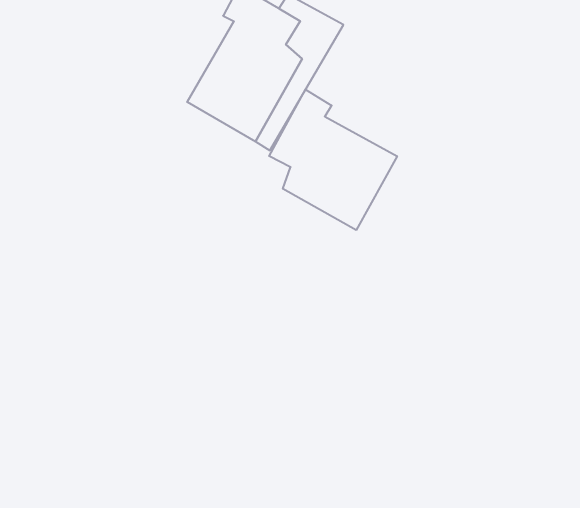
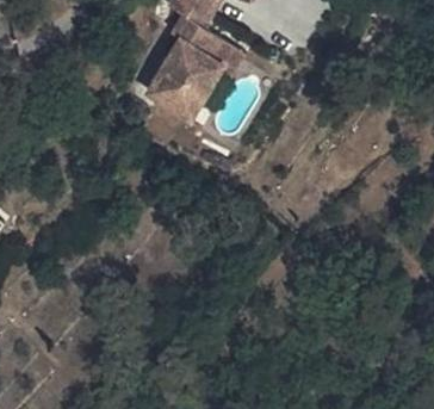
building: [269,89,397,230] -> none

